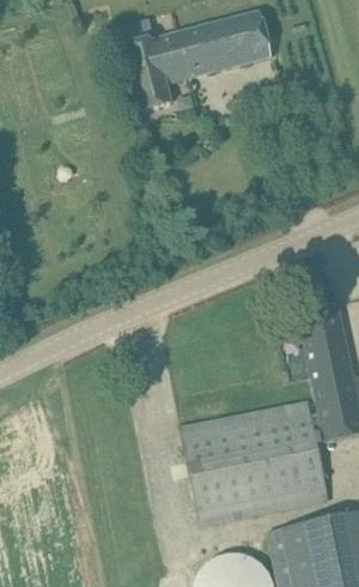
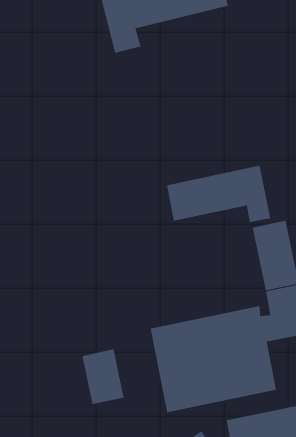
building: none -> [166,165,271,223]
building: none -> [82,349,124,405]

